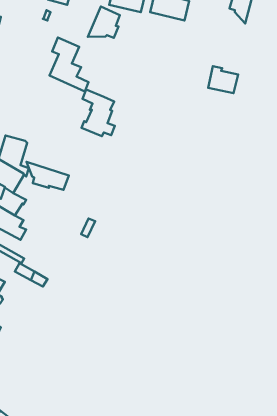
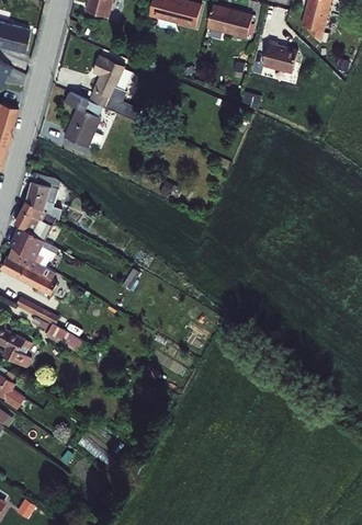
building: [88,6,120,38] -> none
building: [208,66,238,93] -> [262,39,297,71]
building: [81,89,115,136] -> [59,93,99,148]
building: [26,162,69,190] -> none

